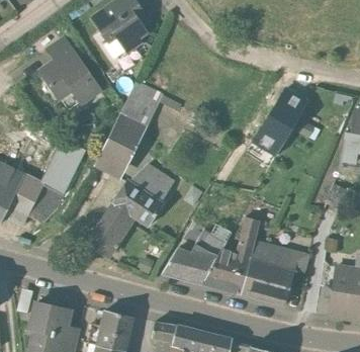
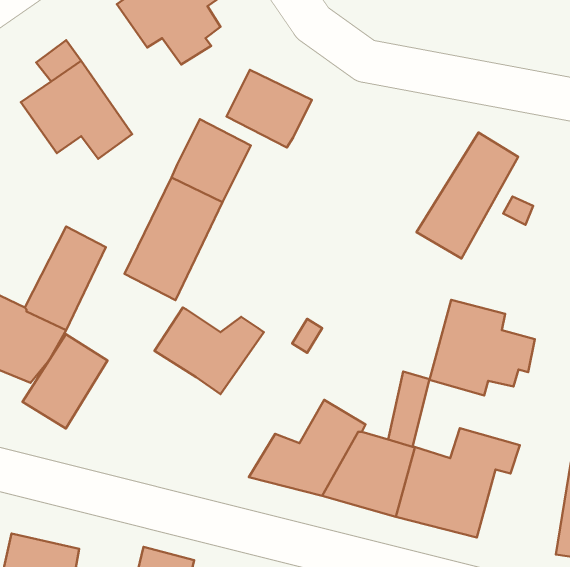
building: none -> [226,70,312,148]
building: [128,165,174,194] -> none
building: none -> [429,300,535,396]
building: [88,204,133,255] -> [23,334,107,428]

